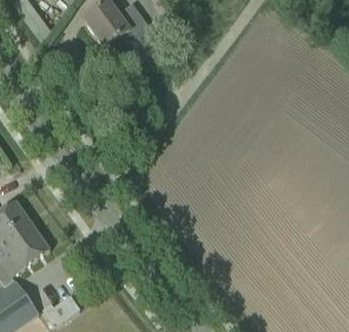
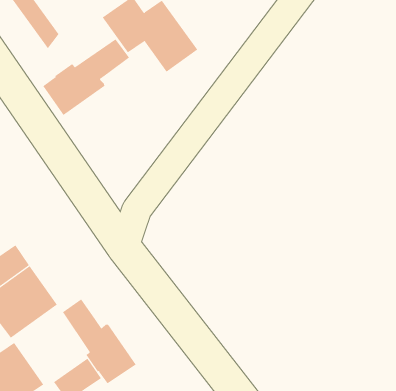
building: none -> [43,38,130,116]
building: none -> [62,299,136,384]

